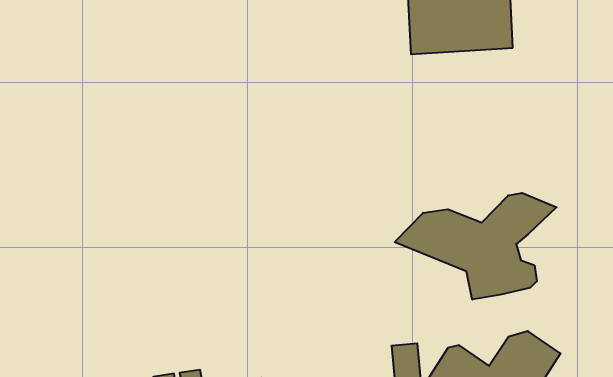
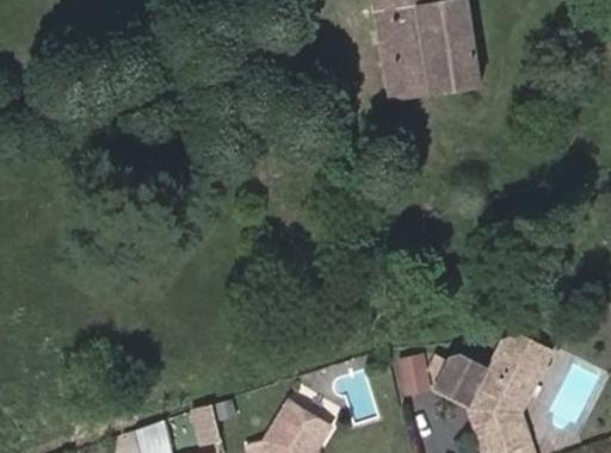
building: [395,193,557,300] -> none

